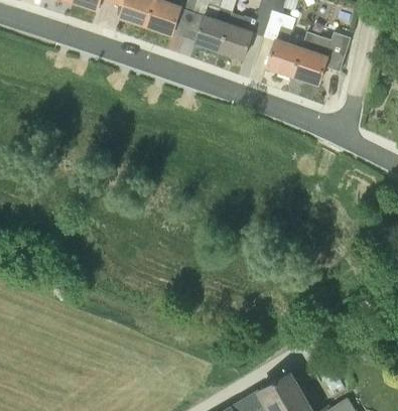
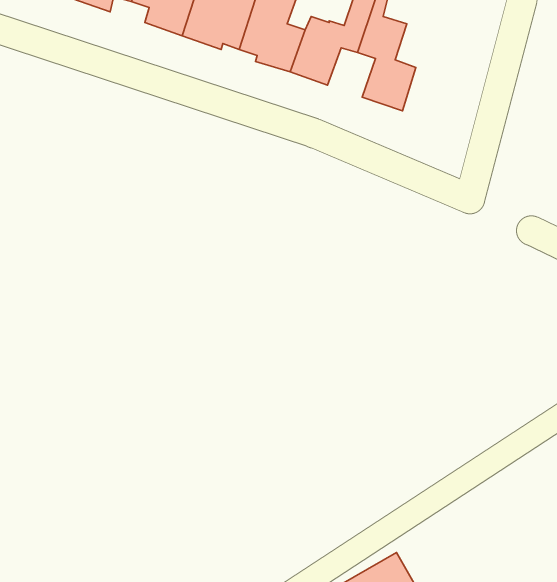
building: [293,32,351,85] -> none

